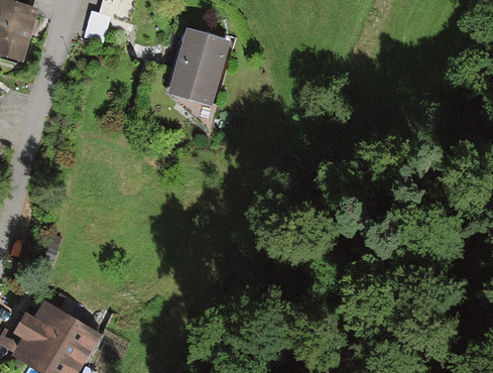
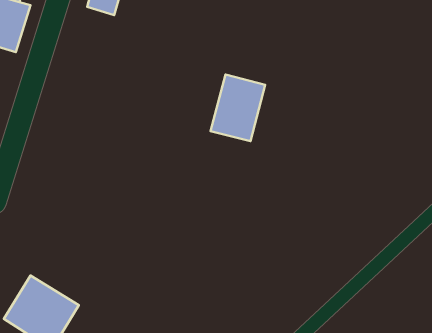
building: [169,30,229,103] -> [211,75,265,141]

